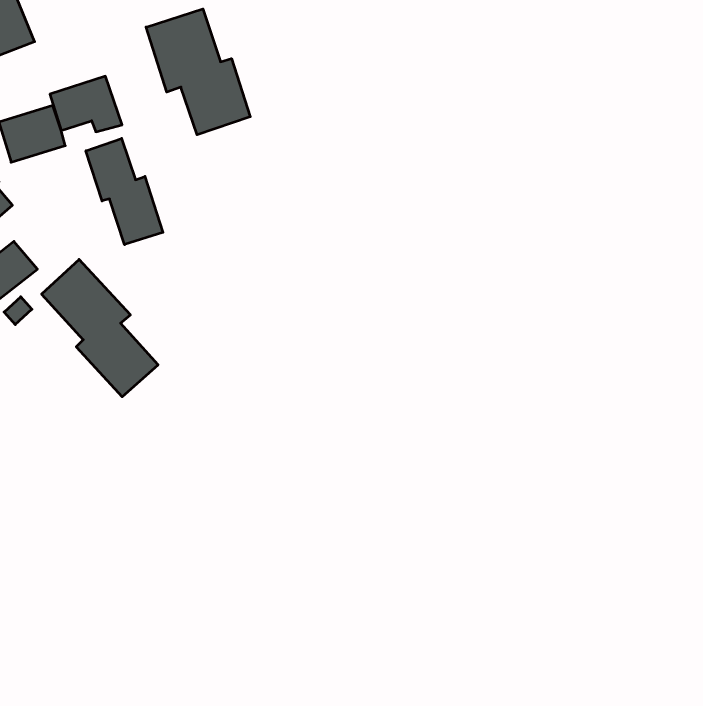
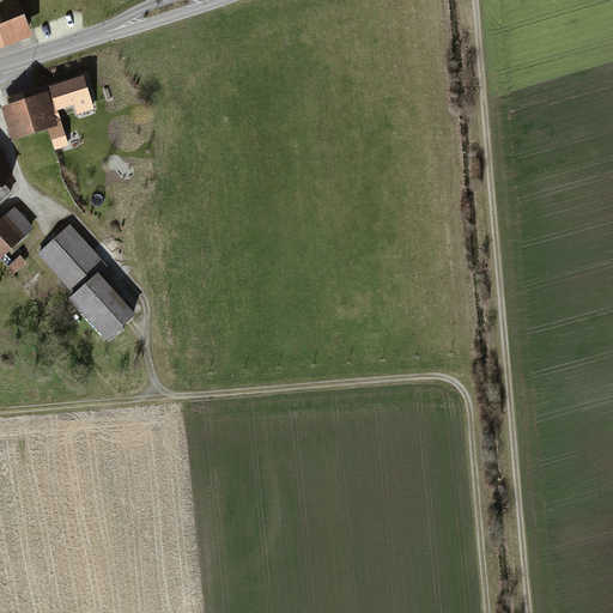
building: [146,9,250,135] -> none
building: [86,138,163,245] -> none

